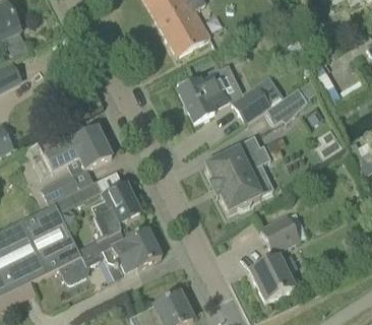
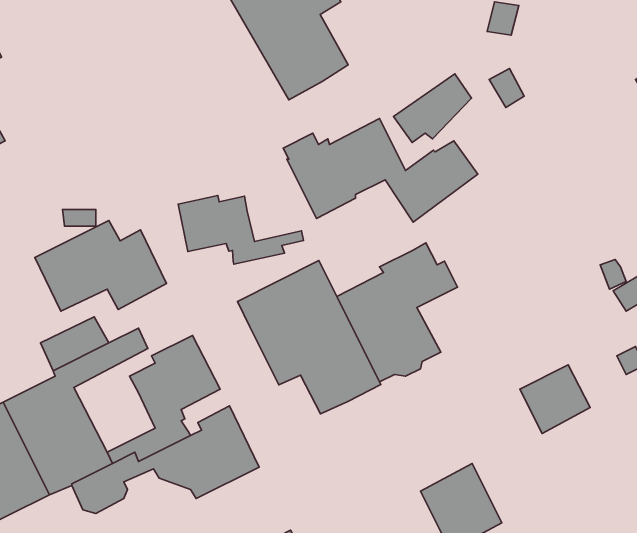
building: [263,86,306,124] -> [393,74,471,143]
building: none -> [178,195,304,264]
building: none -> [238,260,381,414]
building: [261,215,300,253] -> [520,365,590,434]

